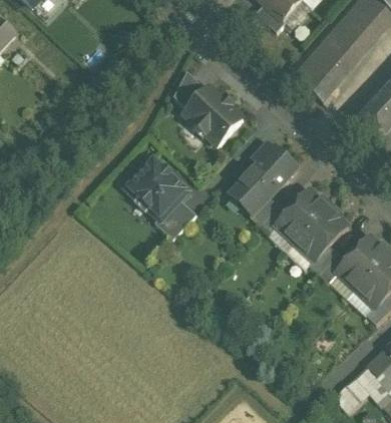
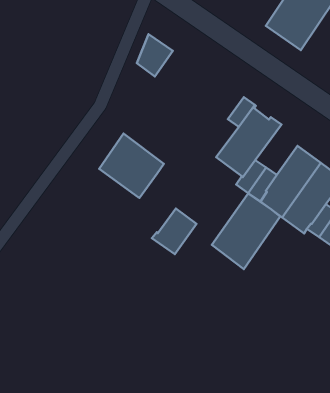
building: [183,84,243,142] -> none
building: [154,195,197,237] -> [152,209,197,254]
building: none -> [212,193,280,269]

